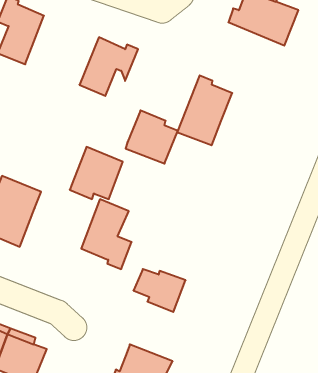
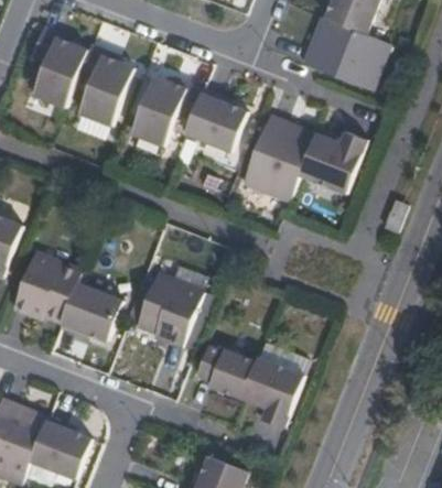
building: none -> [76,44,134,131]
building: none -> [298,130,365,189]
building: [126,110,178,164] -> [182,88,244,151]
building: [70,147,123,199] -> [57,276,120,338]
building: none -> [241,356,301,429]

